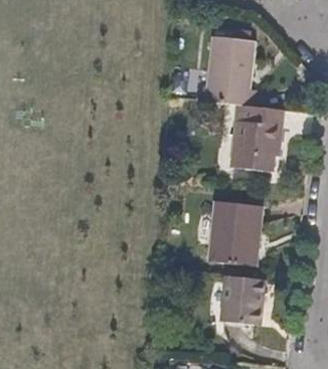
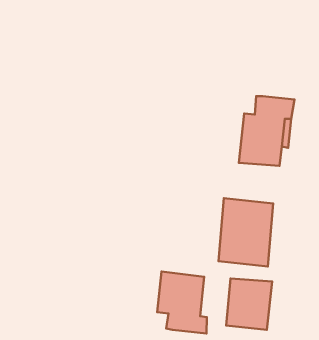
building: [202,35,258,105] -> none
building: none -> [157,271,207,334]

